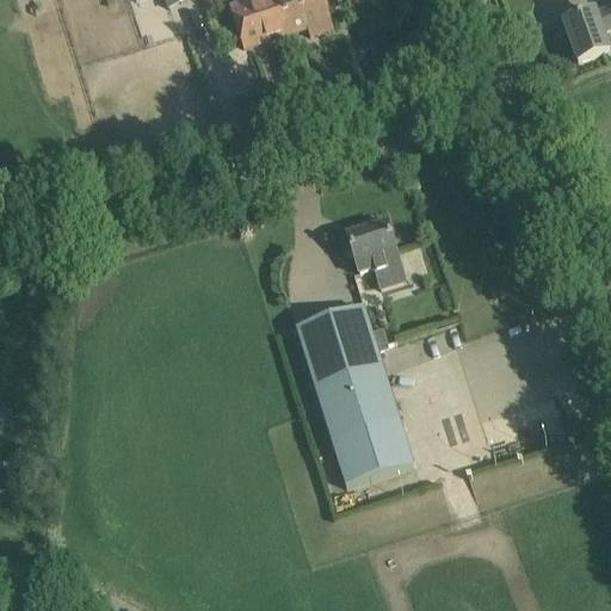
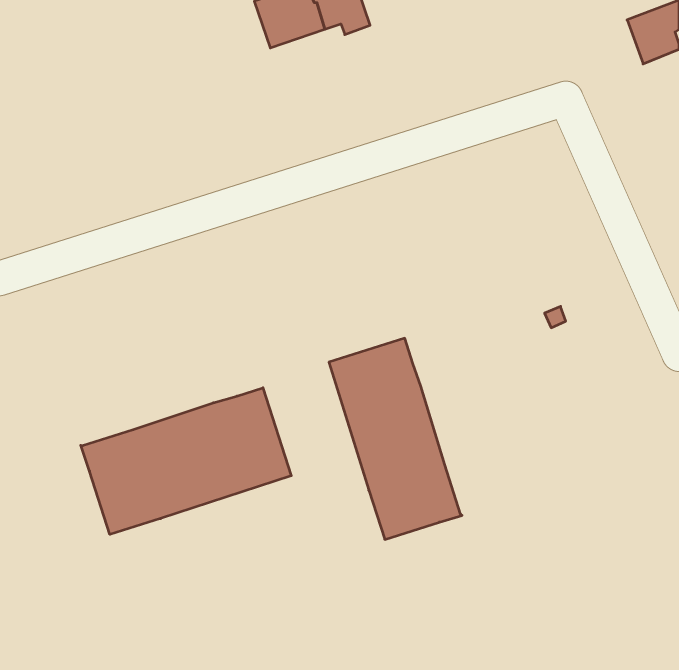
building: [338,217,405,284] -> none
building: none -> [81,388,291,534]

